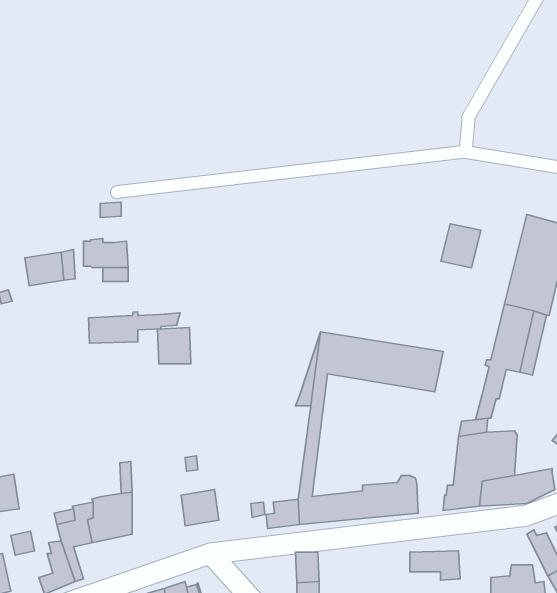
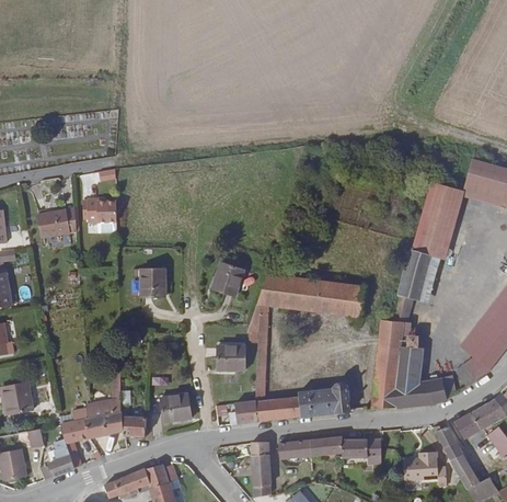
building: [441,224,481,268] -> none
building: [89,312,180,343] -> none
building: none -> [215,258,246,292]
building: none -> [218,340,246,366]
building: none -> [123,414,147,436]
building: none -> [277,437,339,457]

